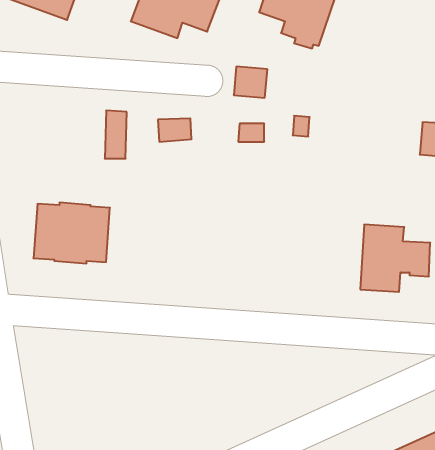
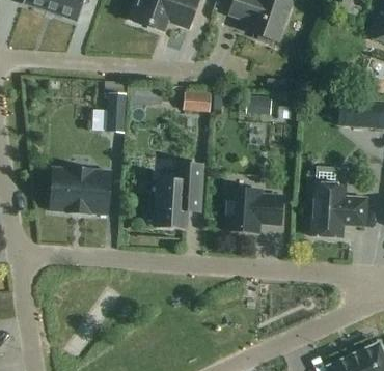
building: [234,67,267,98] -> [184,86,211,111]
building: none -> [153,161,204,229]
building: none -> [225,188,282,231]

